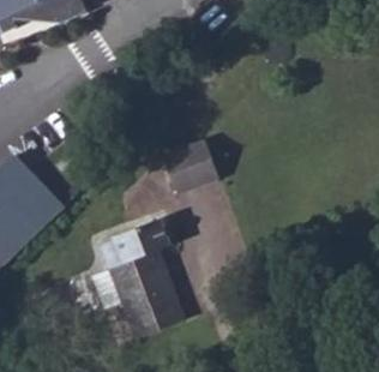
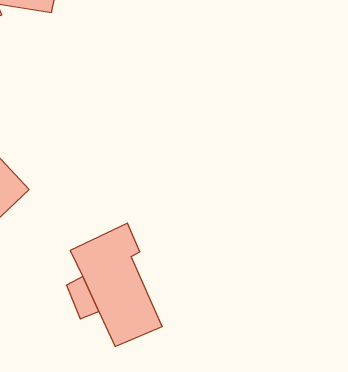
building: [158,132,217,188] -> none

